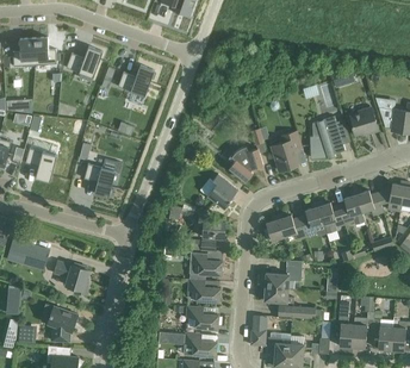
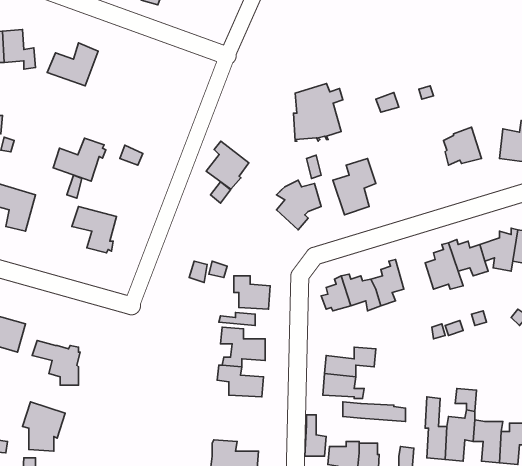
building: [117,66,155,96] -> [53,138,106,181]
building: [310,116,346,157] -> [293,83,343,141]
building: [206,174,237,208] -> [206,141,249,189]
building: [316,200,343,232] -> none
building: [185,306,218,329] -> none

